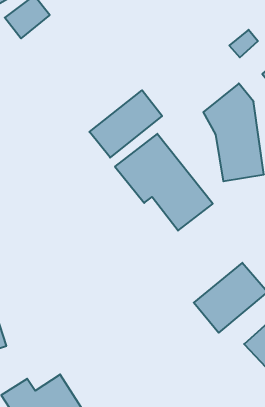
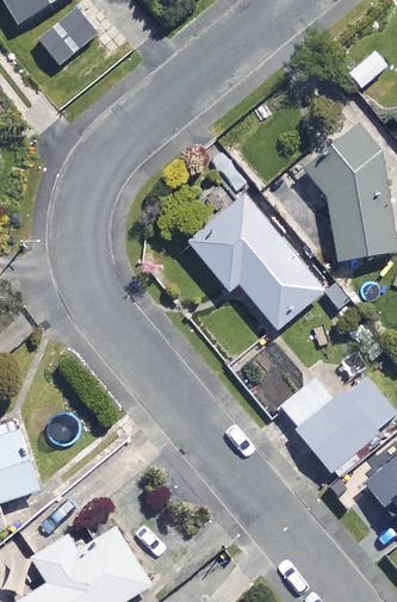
building: [89,90,162,158] -> none

